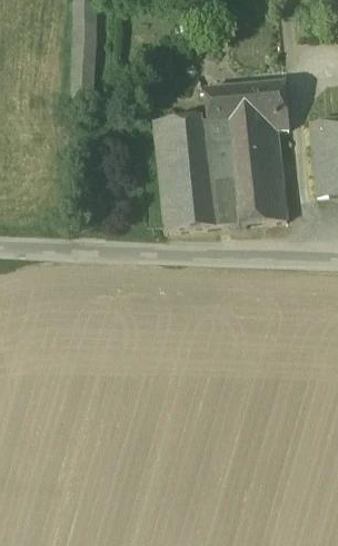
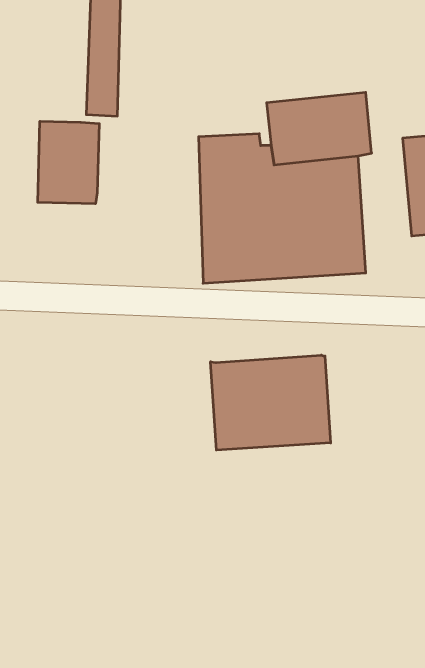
building: none -> [38,121,99,204]
building: none -> [211,355,331,450]

